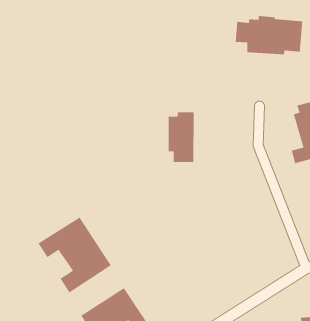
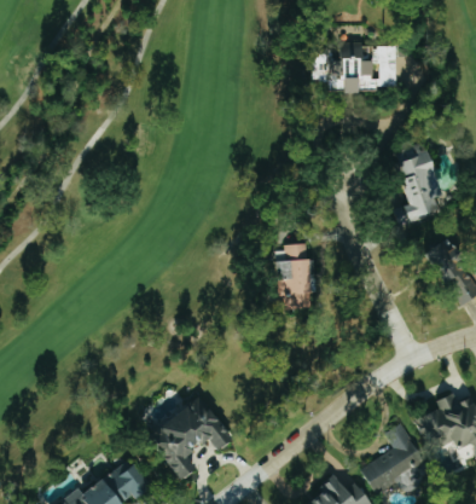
building: [168,111,194,163] -> [273,242,310,308]
building: [37,216,112,293] -> none

